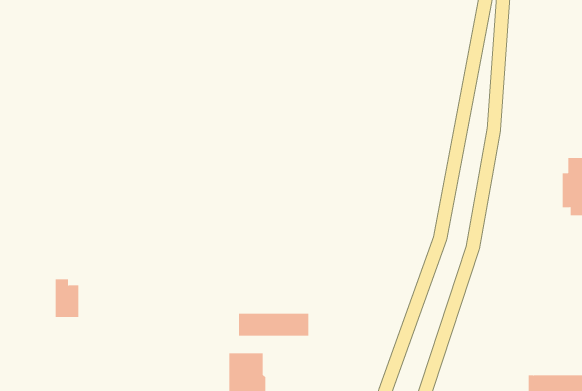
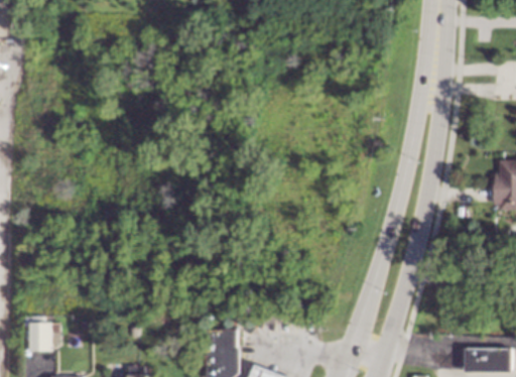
building: [55,279,79,318] -> [29,318,50,351]
building: [238,313,309,336] -> none

